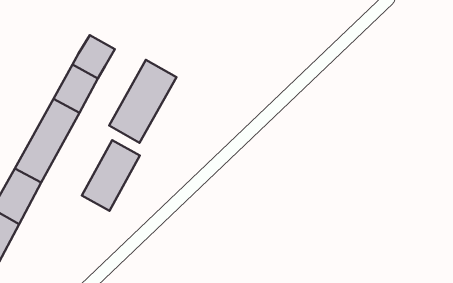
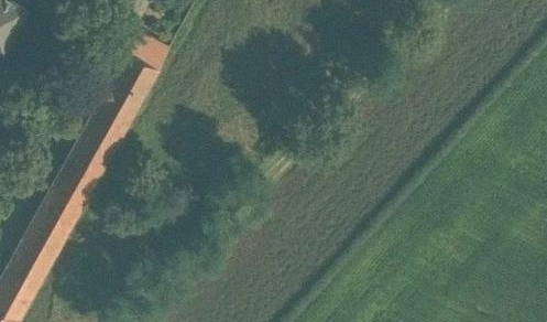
building: [109,60,176,143] -> none
building: [82,140,140,211] -> none

